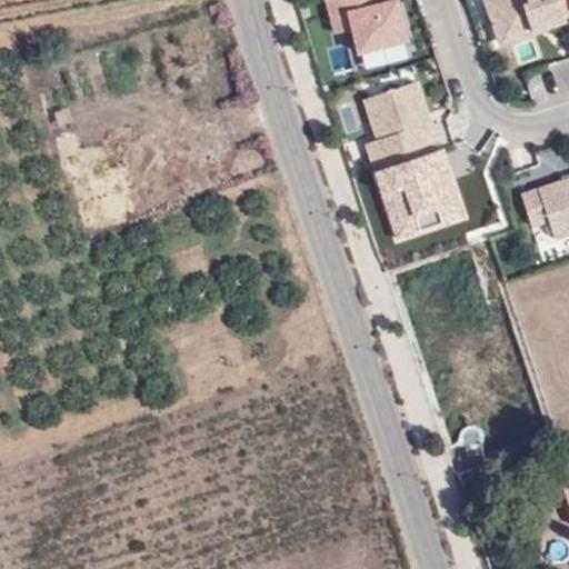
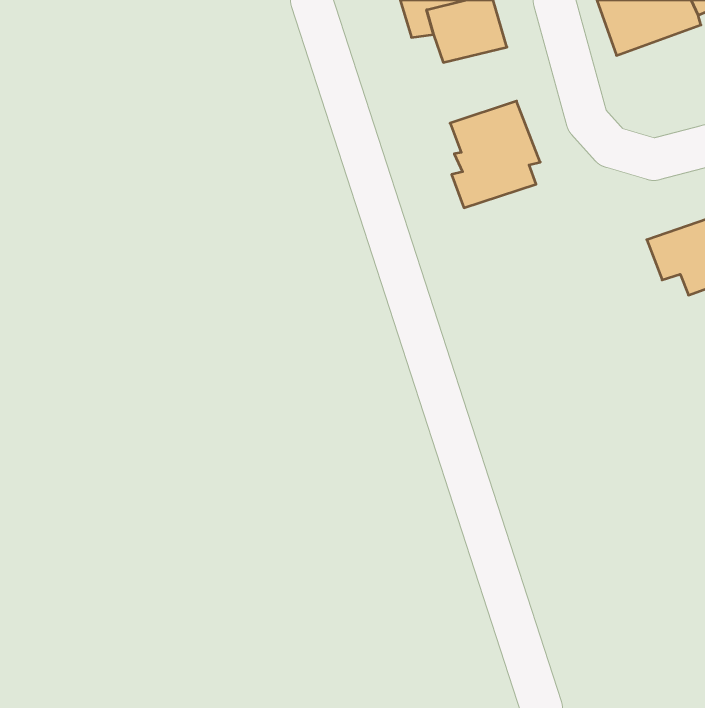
building: [375,144,469,243] -> none

